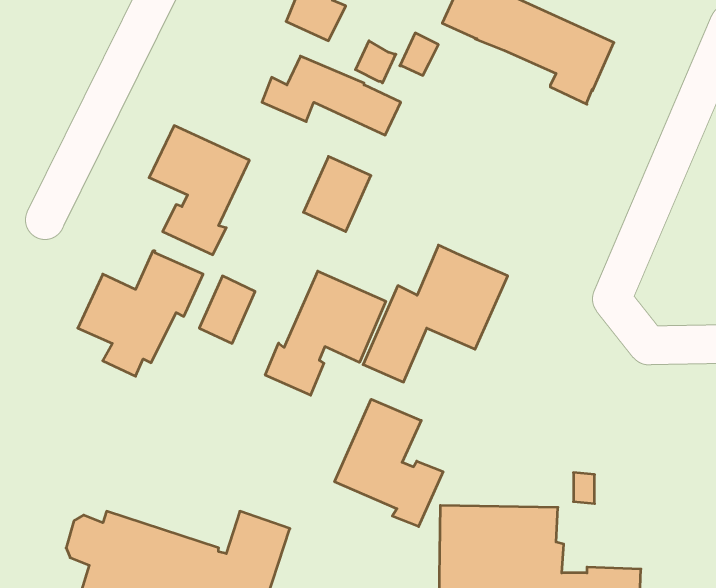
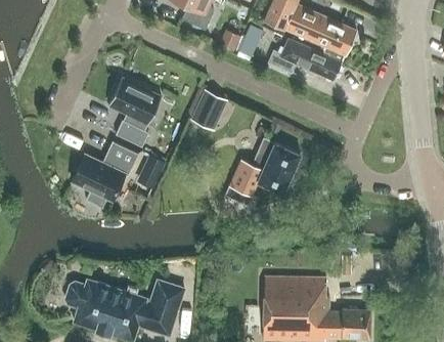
building: [262,56,401,135] -> [268,39,342,81]
building: [265,271,386,395] -> none
building: [335,399,443,527] -> none

